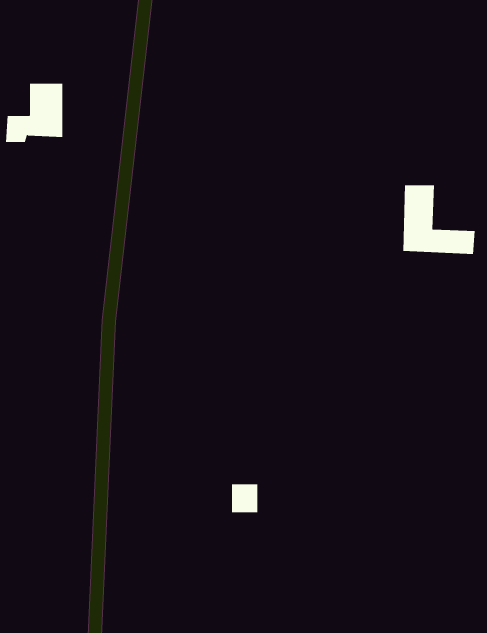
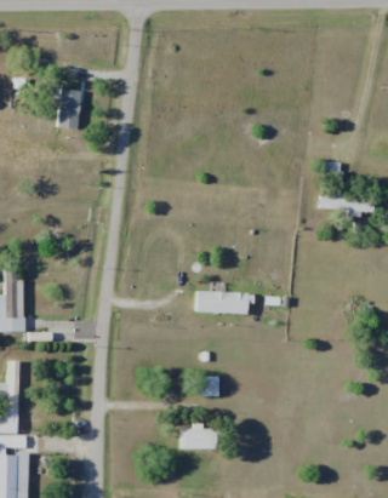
building: none -> [195,292,246,313]
building: none -> [182,429,218,451]

